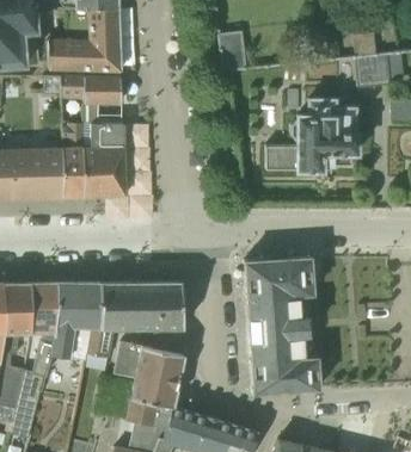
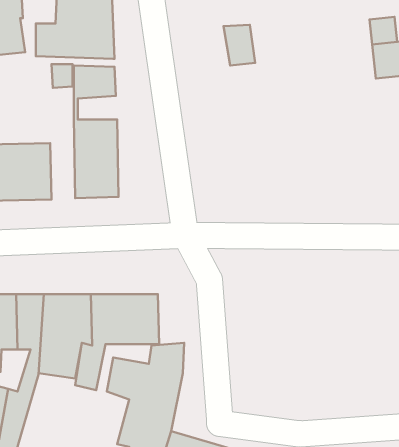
building: [265,97,360,172] -> none
building: [62,123,85,197] -> none
building: [245,255,320,391] -> none
building: [160,283,184,328] -> none

